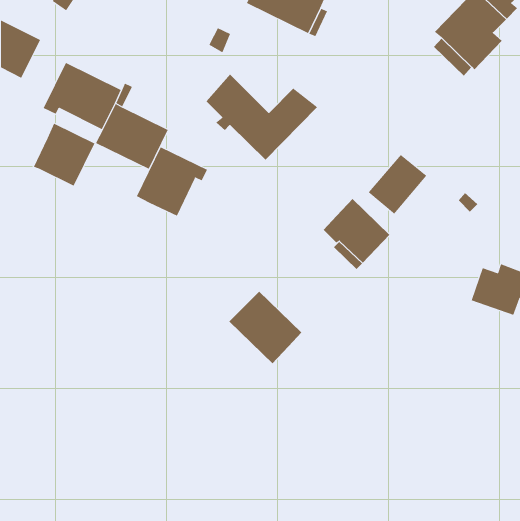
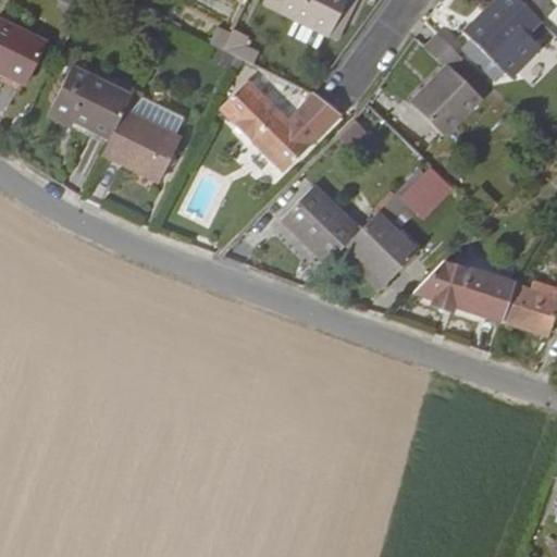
building: none -> [411,35,482,136]
building: [33,123,95,186] -> none
building: [136,146,208,217] -> none
building: none -> [414,260,516,321]
building: [229,291,302,364] -> [282,185,360,263]

